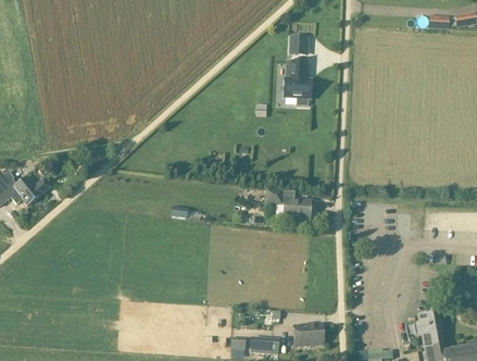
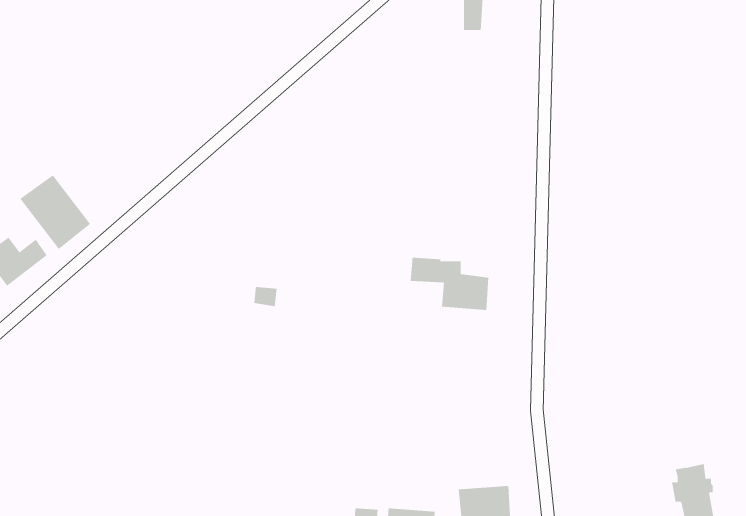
building: [284,60,311,104] -> none
building: none -> [20,175,91,250]

